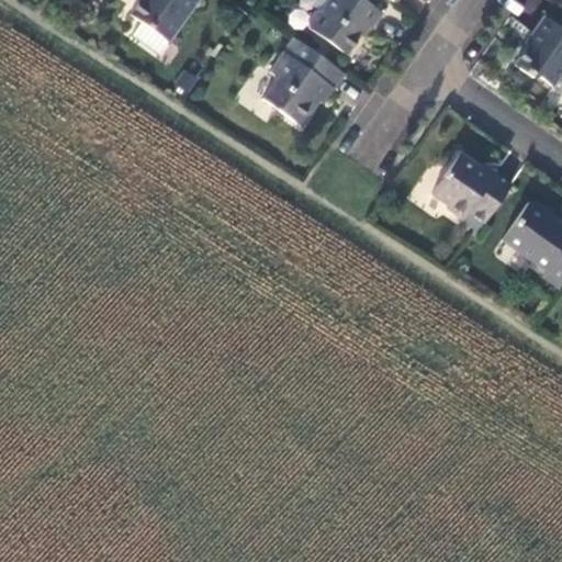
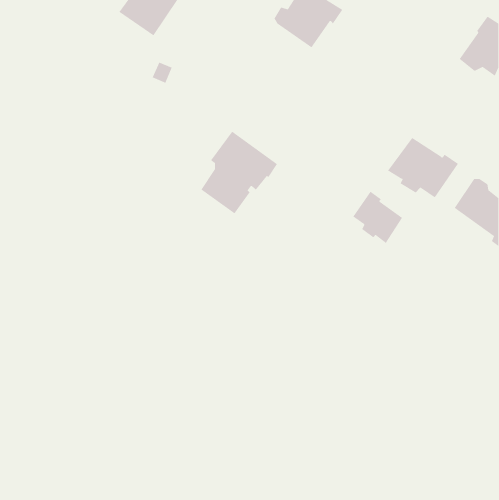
building: [260,35,347,128] -> [200,131,278,214]
building: none -> [353,191,403,244]

